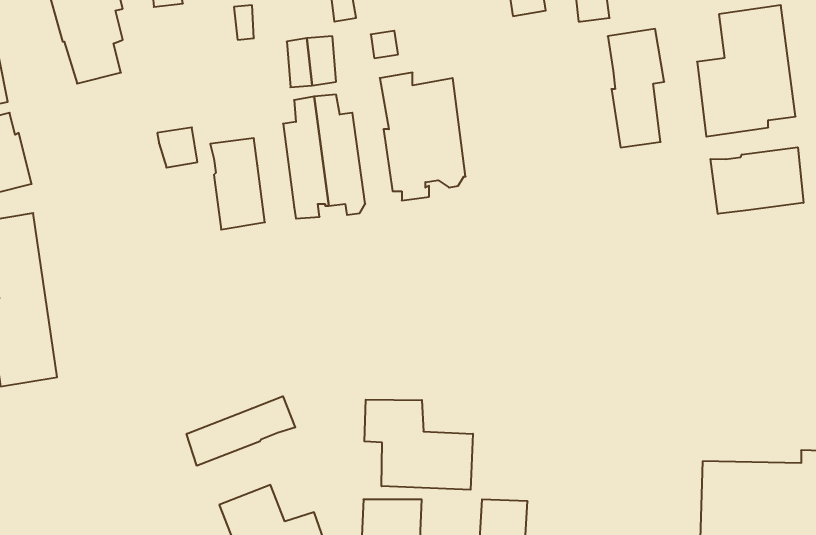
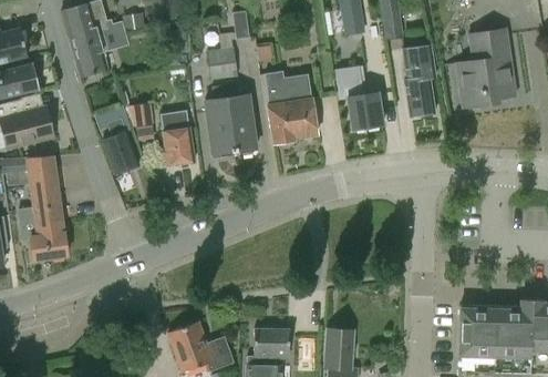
building: none -> [334,64,382,128]
building: [711,147,803,214] -> none
building: none -> [102,116,138,173]
building: [187,396,295,466] -> none
building: [364,400,473,490] -> none

